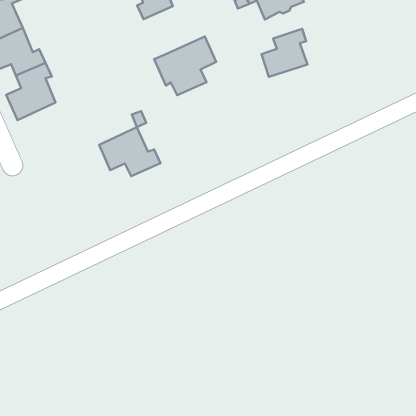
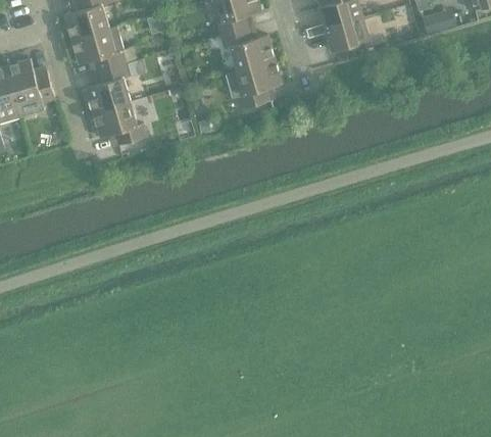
building: none -> [219,28,274,70]
building: [262,29,308,77] -> none
building: [99,127,161,176] -> [92,101,146,145]

